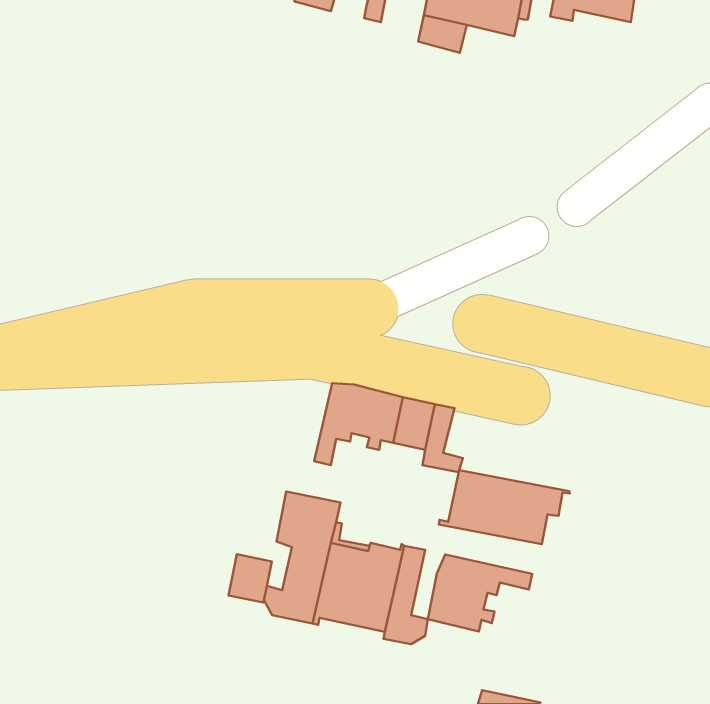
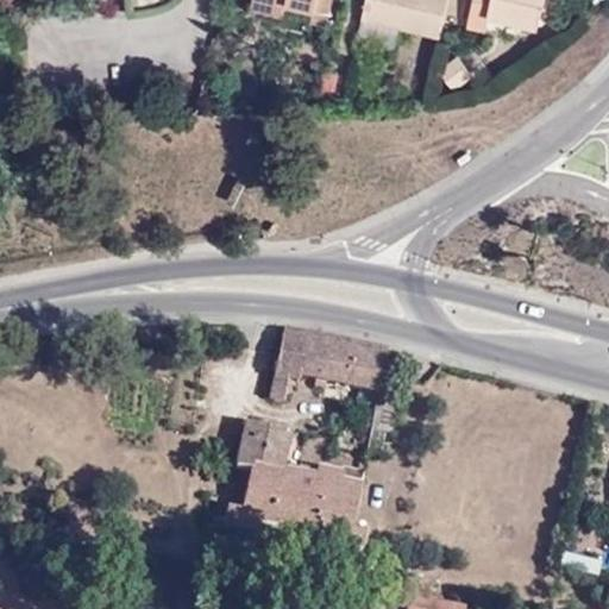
building: [439,470,570,544] -> none
building: [228,554,272,603] -> none
building: [428,555,532,632] -> none

